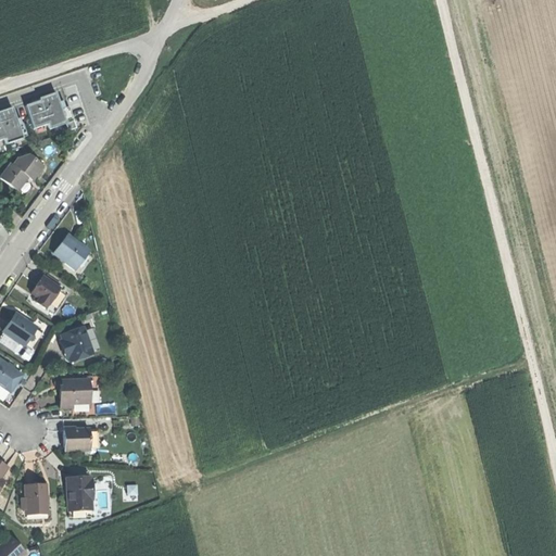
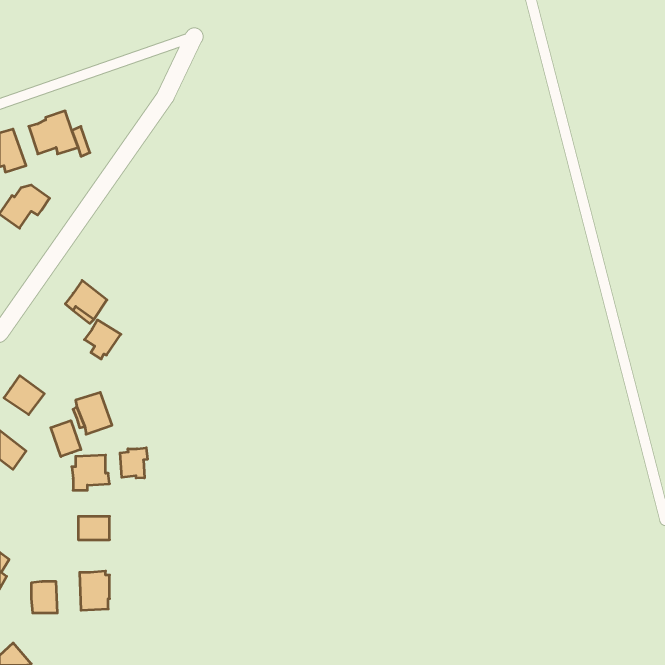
building: [31,276,62,308] -> [84,320,121,359]
building: none -> [51,421,81,457]
building: none -> [120,448,147,478]

